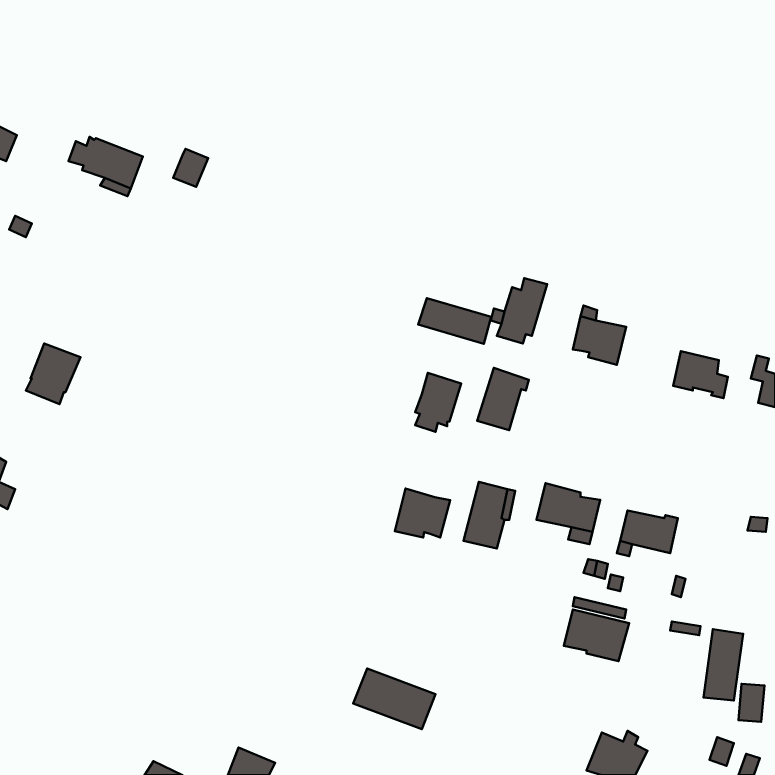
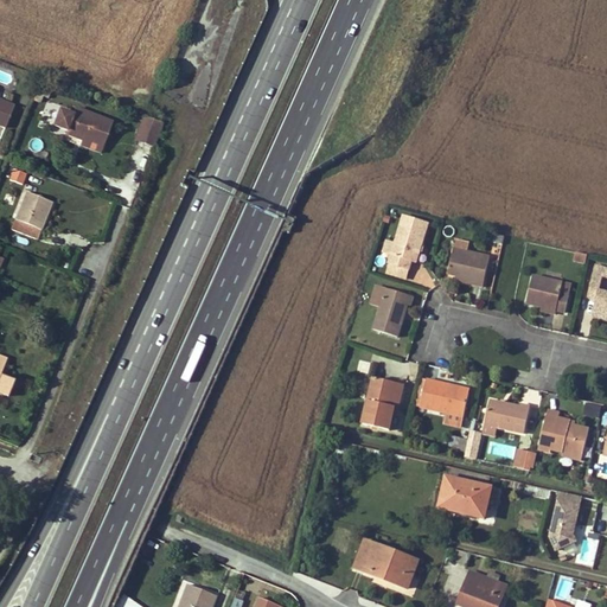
building: [418,298,491,344] -> none
building: [26,344,81,404] -> [9,192,52,239]
building: [415,373,461,432] -> none
building: [395,488,450,538] -> none
building: none -> [537,408,588,455]
building: [353,668,435,729] -> [353,539,417,587]

